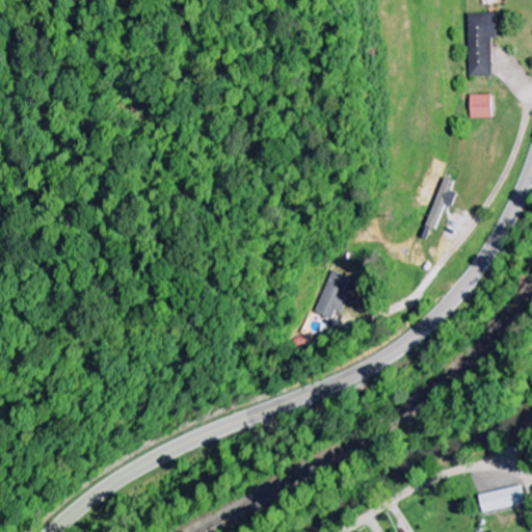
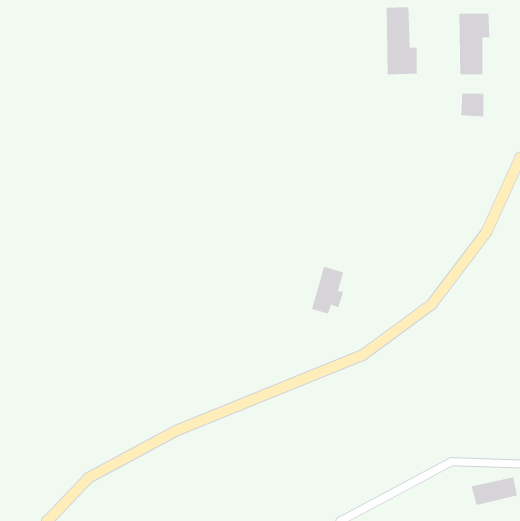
building: none -> [386,6,417,75]
building: [426,177,457,230] -> none

